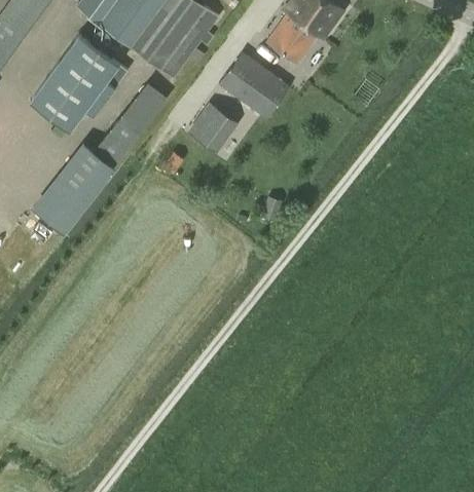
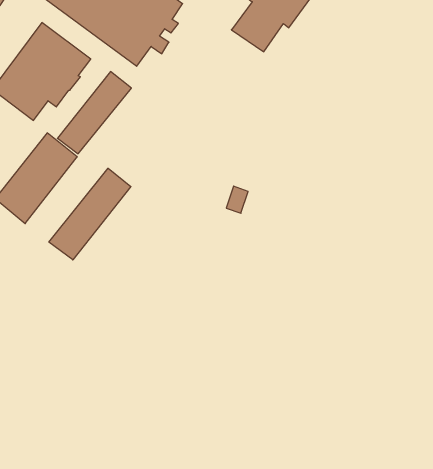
building: [217,50,288,118] -> none
building: [187,103,239,153] -> none
building: none -> [49,168,131,260]

